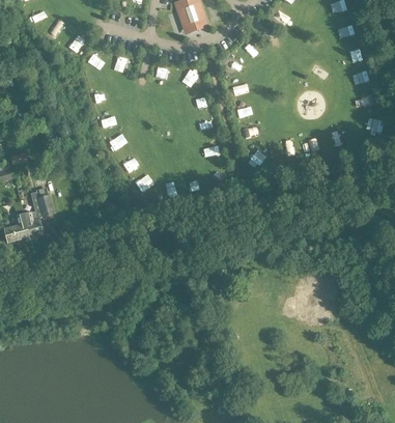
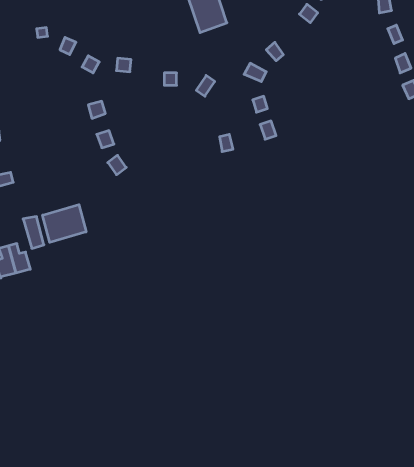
building: none -> [43,205,86,242]

